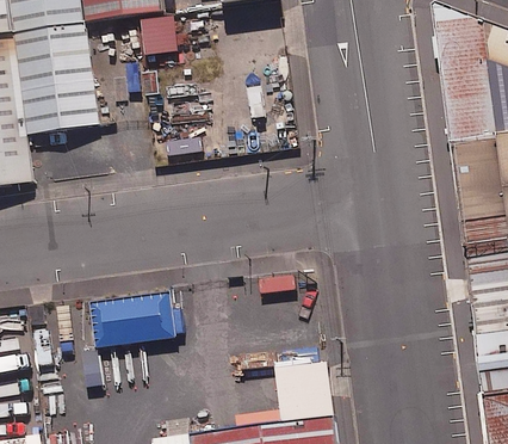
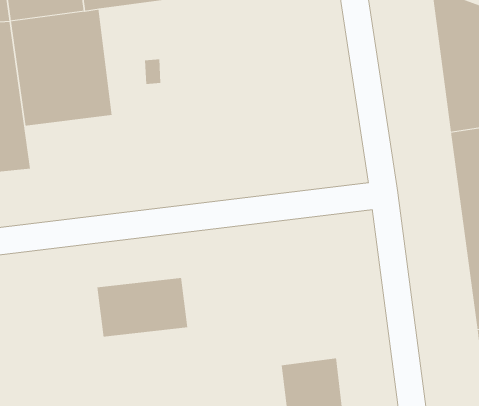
building: [143,18,180,55] -> none

